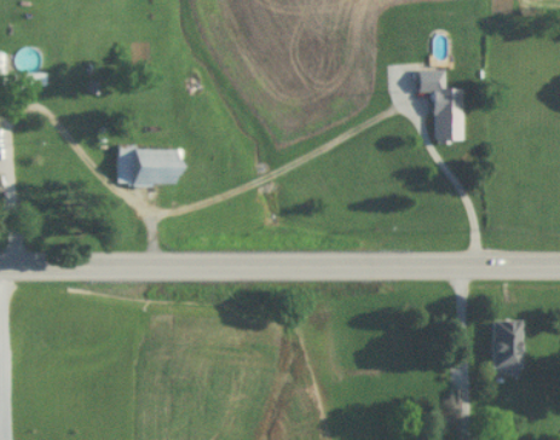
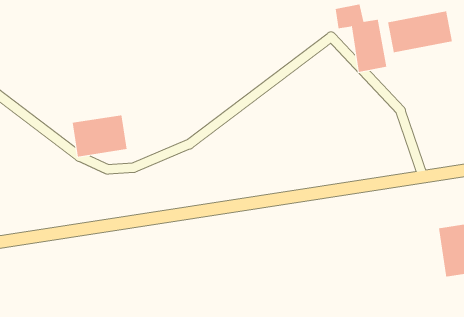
building: none -> [387,10,452,53]

